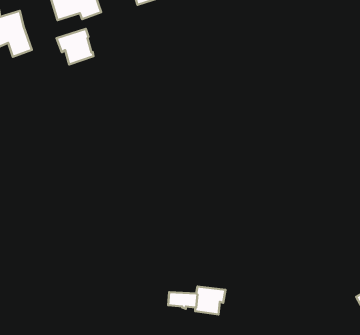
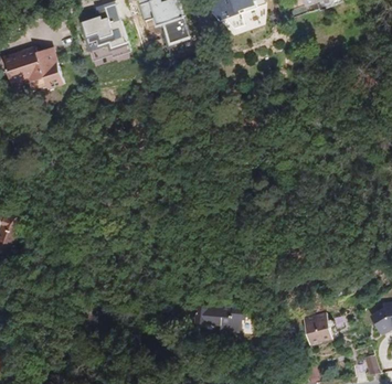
building: [56,29,94,65] -> none
building: none -> [301,311,332,345]

